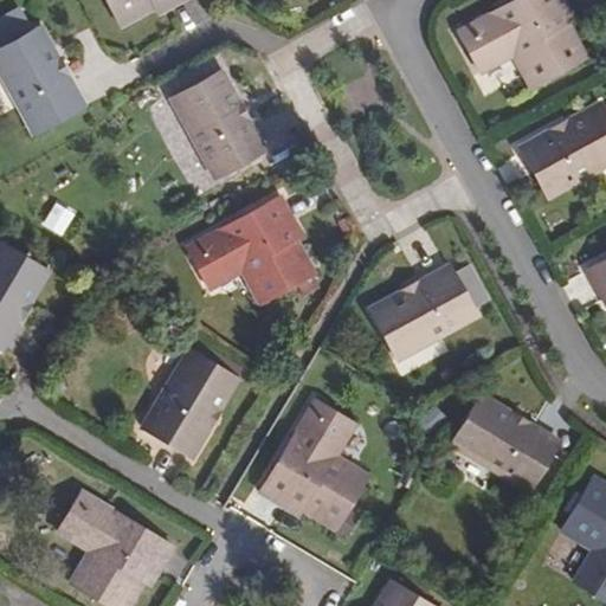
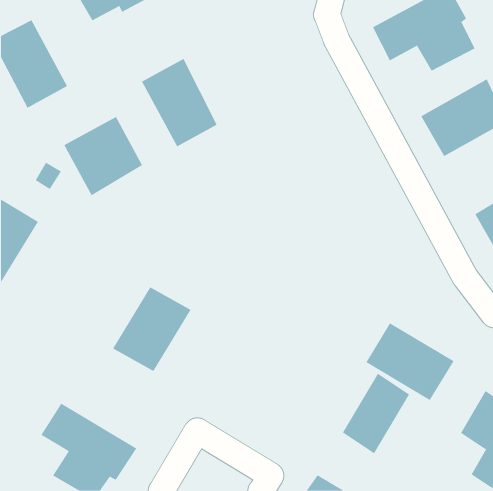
building: none -> [64,116,143,196]
building: [188,198,316,307] -> none
building: [369,267,484,361] -> none
building: [251,408,359,536] -> none
building: none -> [342,373,410,454]

